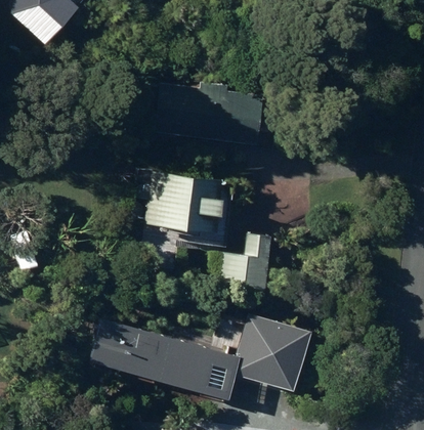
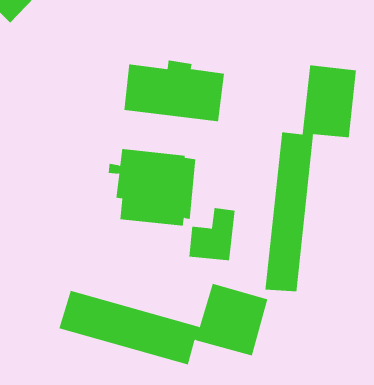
building: none -> [265,64,357,292]

